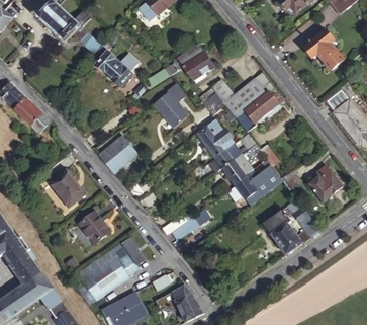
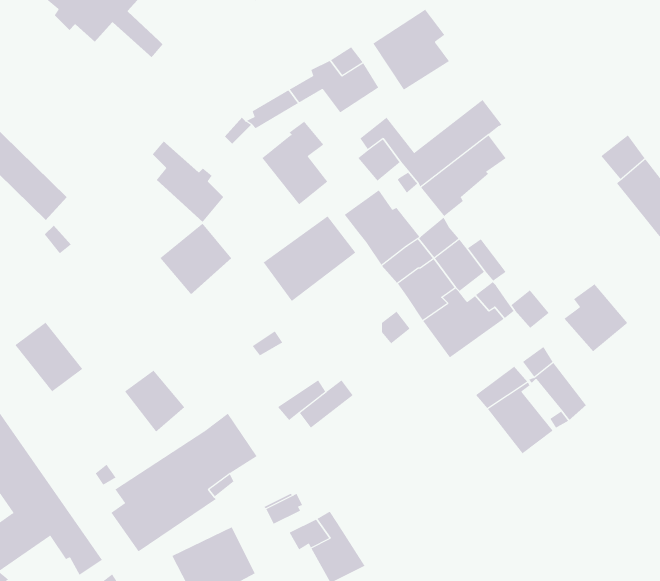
building: none -> [372,9,450,90]
building: [305,29,344,73] -> none
building: [94,43,131,85] -> [152,140,224,223]
building: none -> [263,215,356,302]
building: [51,169,86,206] -> [14,322,83,392]

